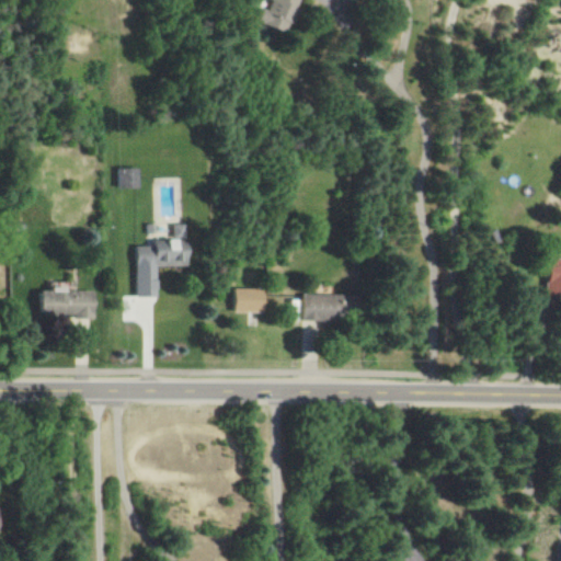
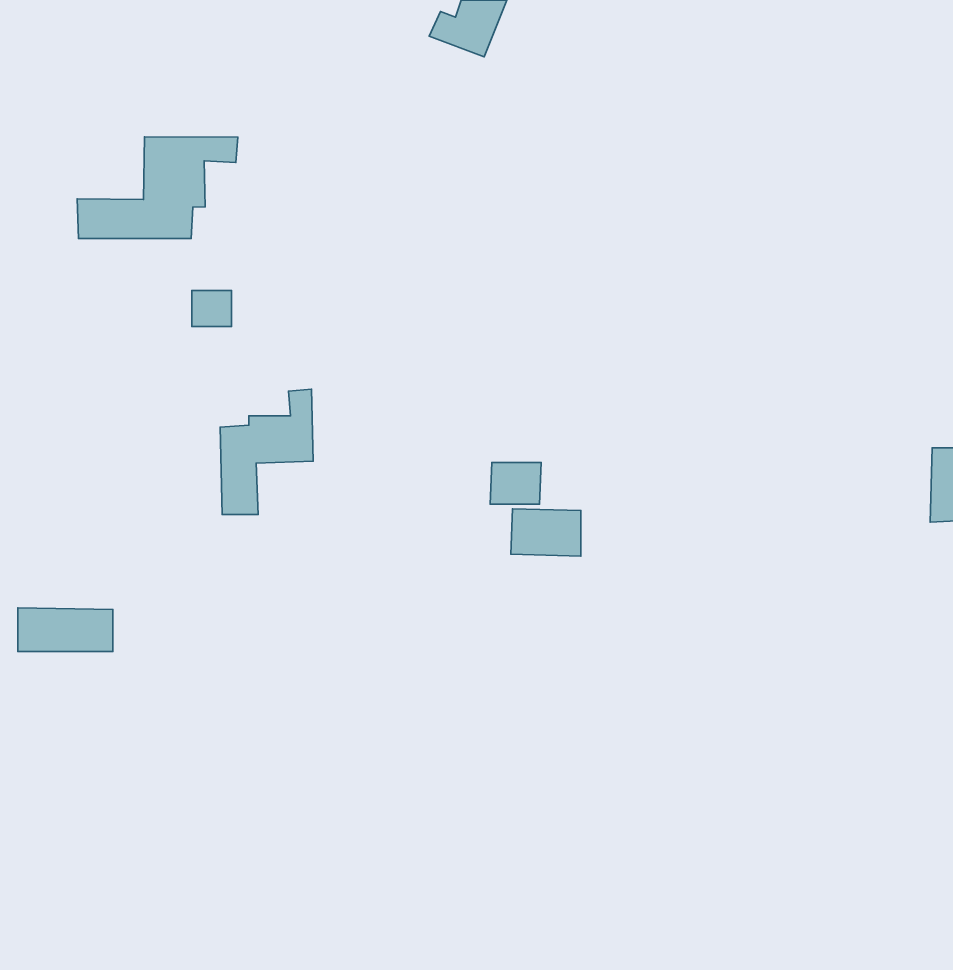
building: none -> [77,137,238,239]
building: [237,288,266,312] -> [490,462,541,504]
building: [38,290,93,316] -> [18,608,113,651]

